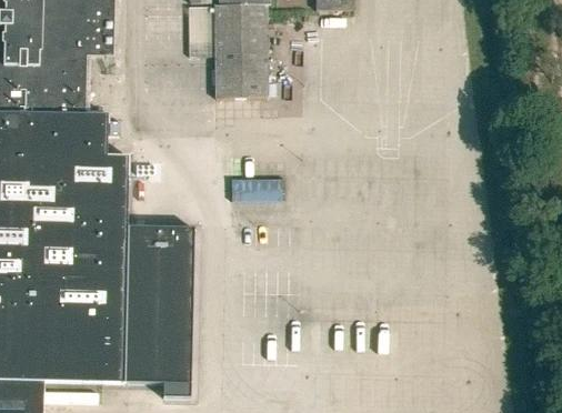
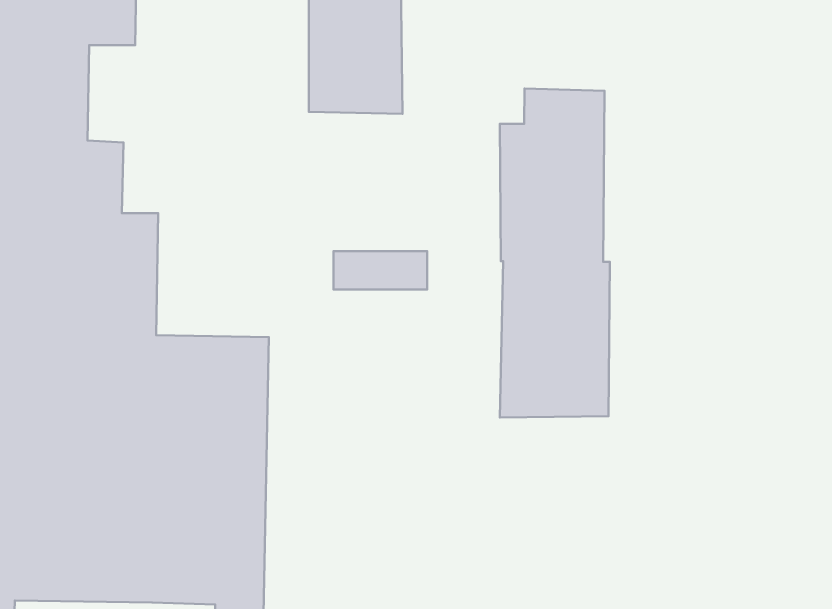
building: none -> [500,89,610,417]

